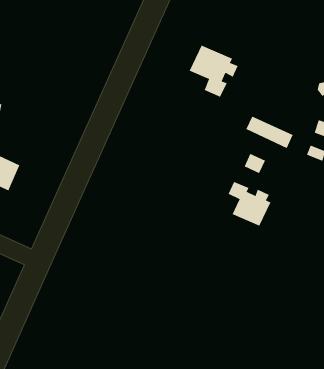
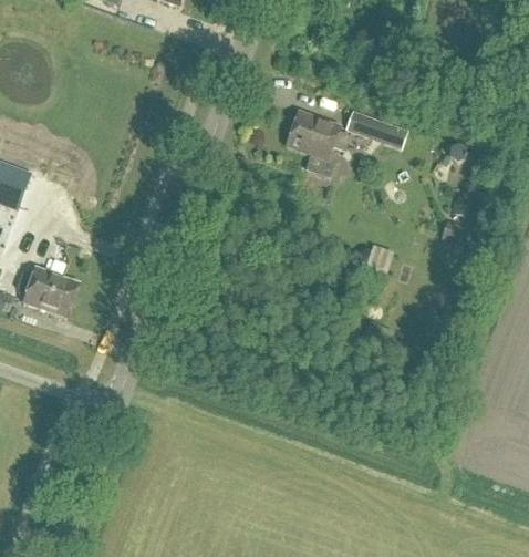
building: [246,116,294,149] -> [345,110,407,148]
building: [228,181,271,227] -> none

